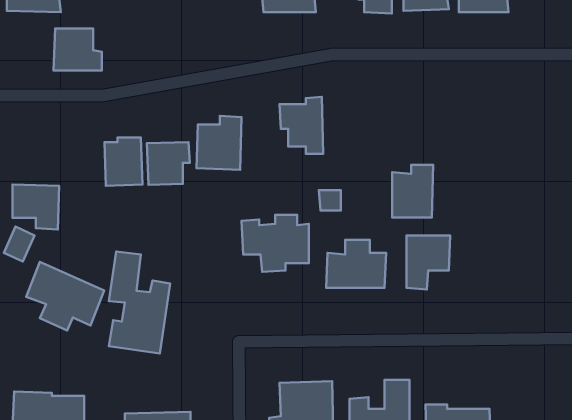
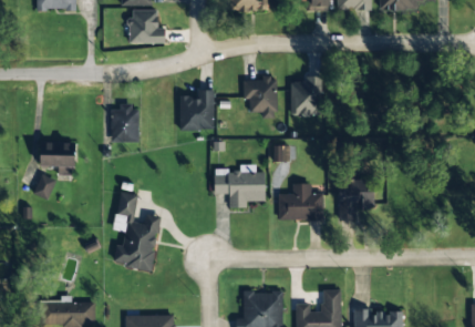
building: [54,28,102,71] -> [130,11,166,43]
building: [147,142,190,185] -> none
building: [392,165,433,218] -> [291,76,322,116]
building: [26,262,104,330] -> none

